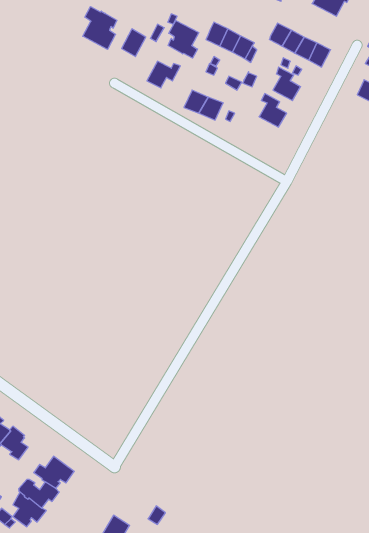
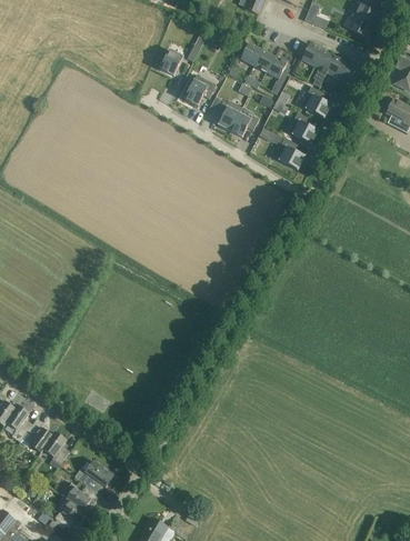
building: [83,7,117,49] -> none
building: [168,20,199,58] -> none
building: none -> [278,137,304,169]

